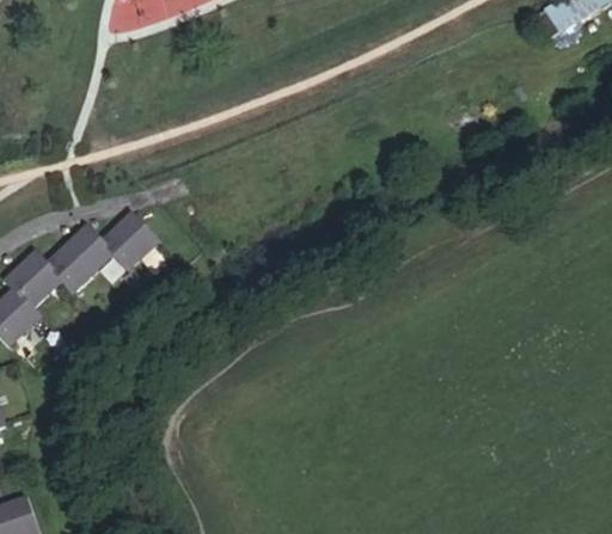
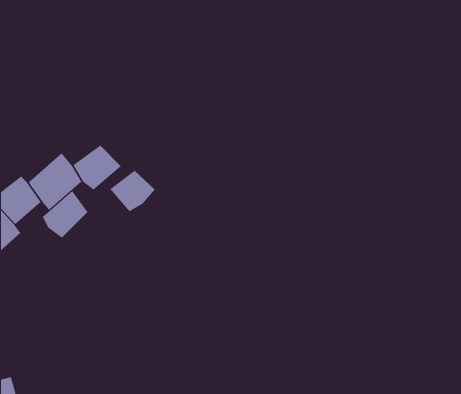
building: none -> [109,170,156,212]
building: none -> [42,190,88,239]

